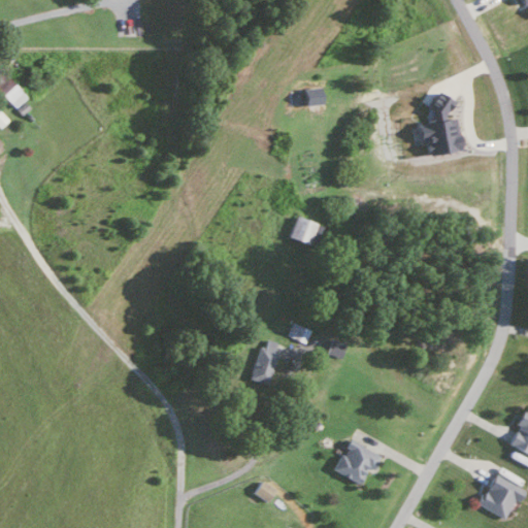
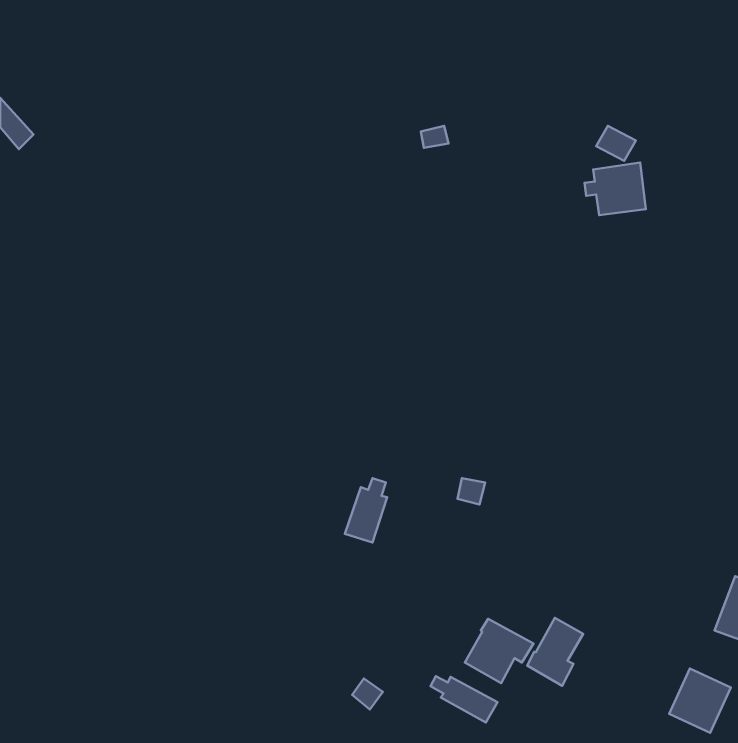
building: [289,217,318,245] -> none
building: none -> [527,618,583,686]
building: none -> [431,676,497,723]

